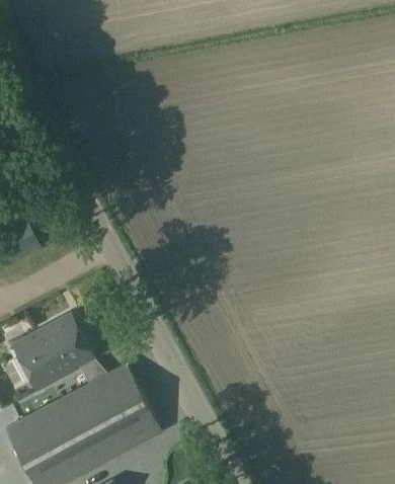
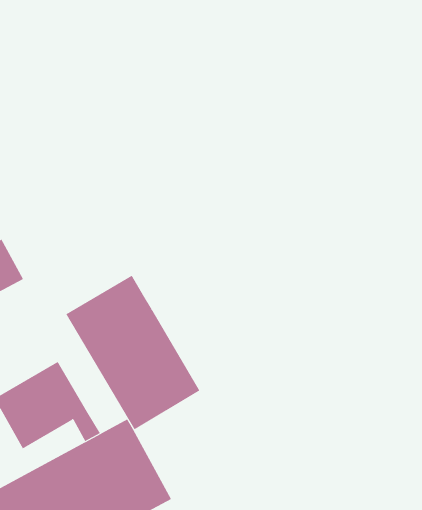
building: none -> [66,275,200,430]

